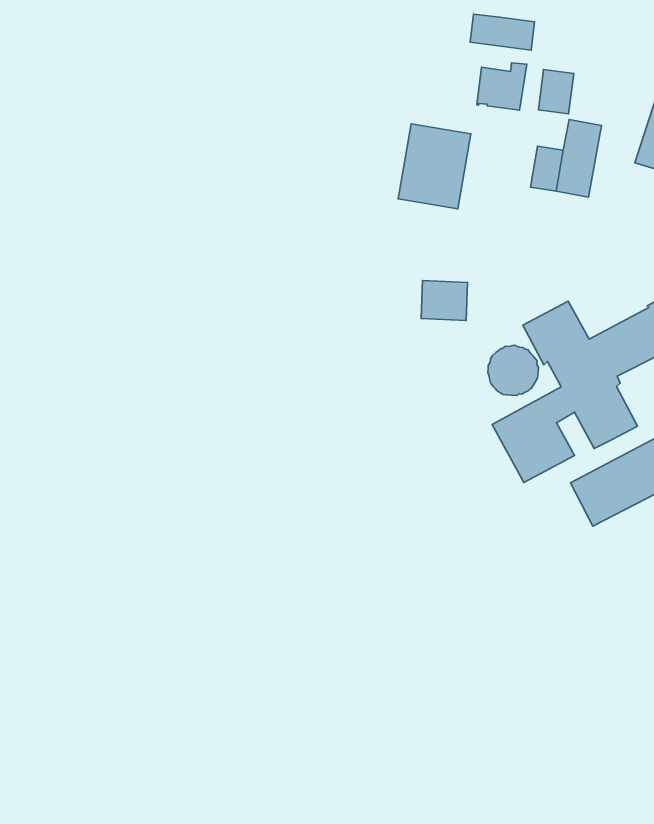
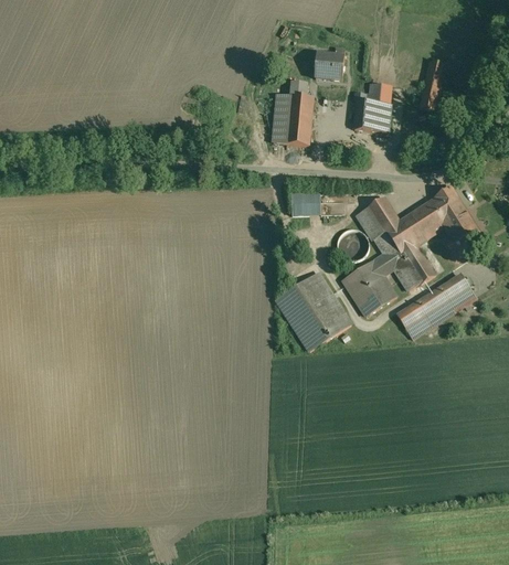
building: [470,14,535,50] -> none
building: [538,70,574,114] -> none
building: none -> [275,271,350,350]

